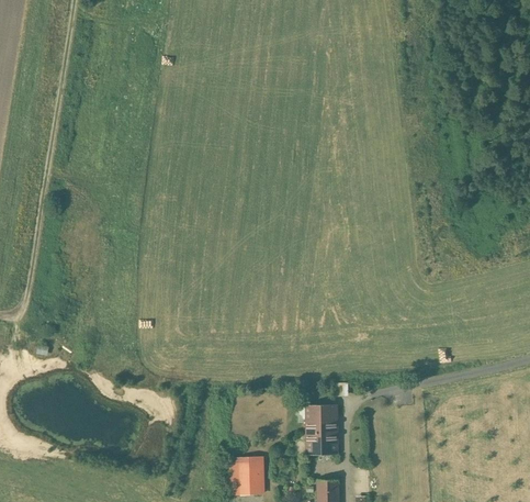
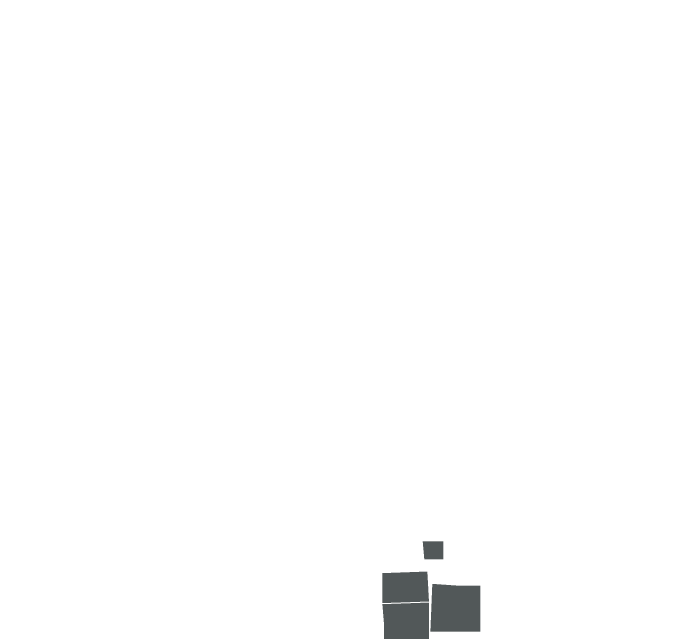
building: none -> [430,583,481,632]

